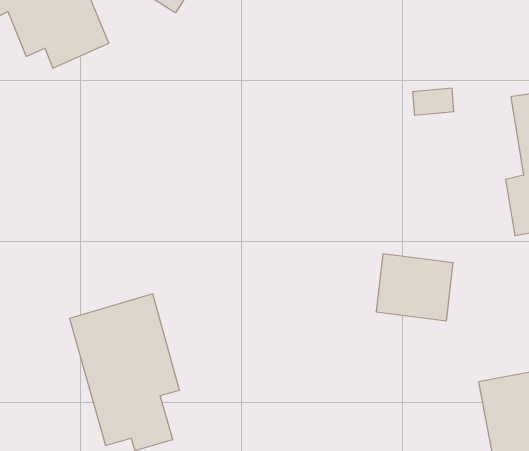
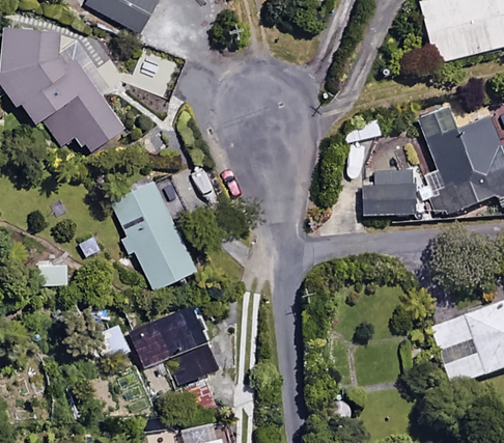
building: none -> [108,175,196,292]
building: [376,254,453,321] -> [362,172,416,217]

